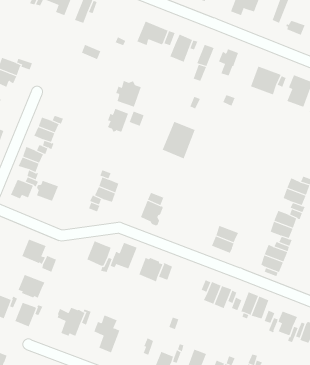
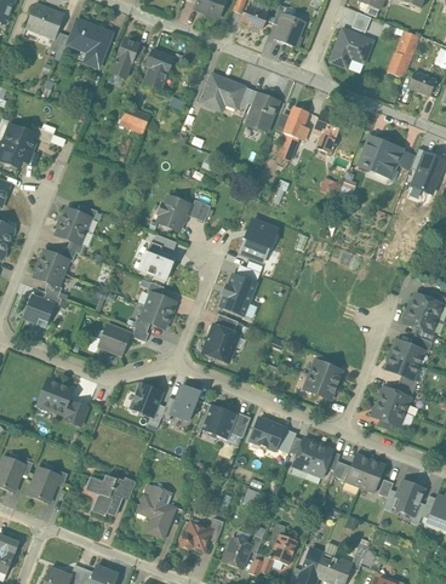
building: none -> [145,50,172,90]
building: [116,80,141,108] -> none
building: none -> [138,234,177,280]
building: none -> [219,265,259,315]
building: [36,180,59,202] -> [98,325,130,355]
building: none -> [250,418,284,450]
building: [18,274,45,299] -> none
building: none -> [179,522,211,550]

